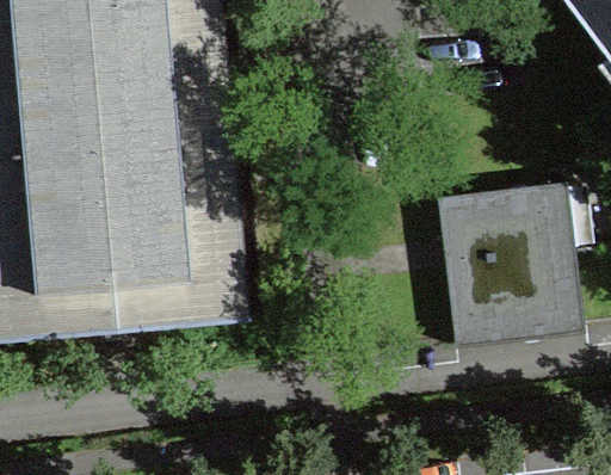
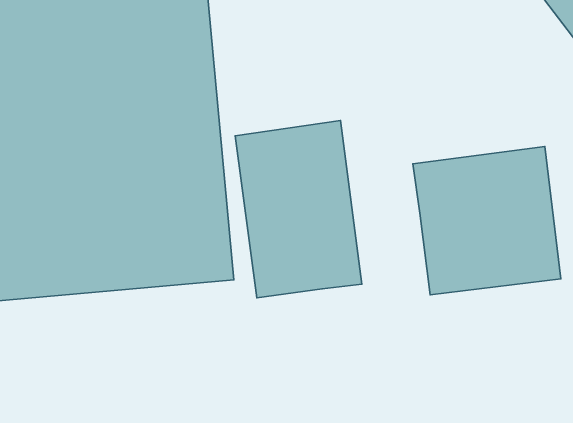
building: none -> [235,121,362,298]

